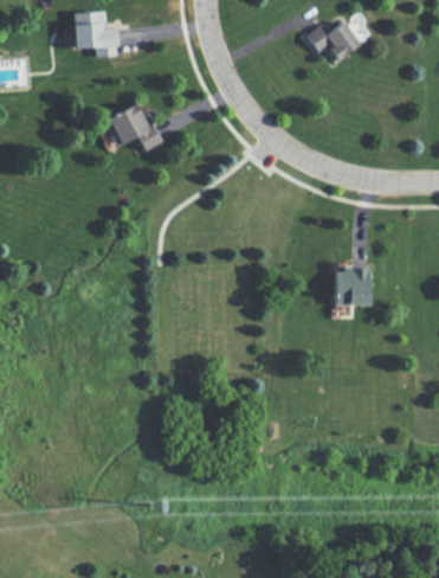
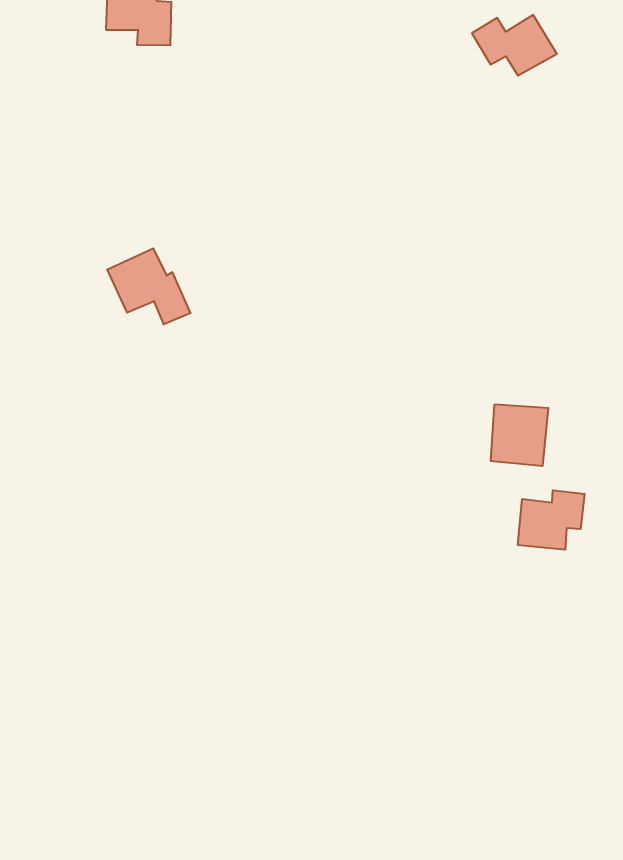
building: [108,103,162,150] -> [107,248,191,324]
building: none -> [518,490,584,550]

